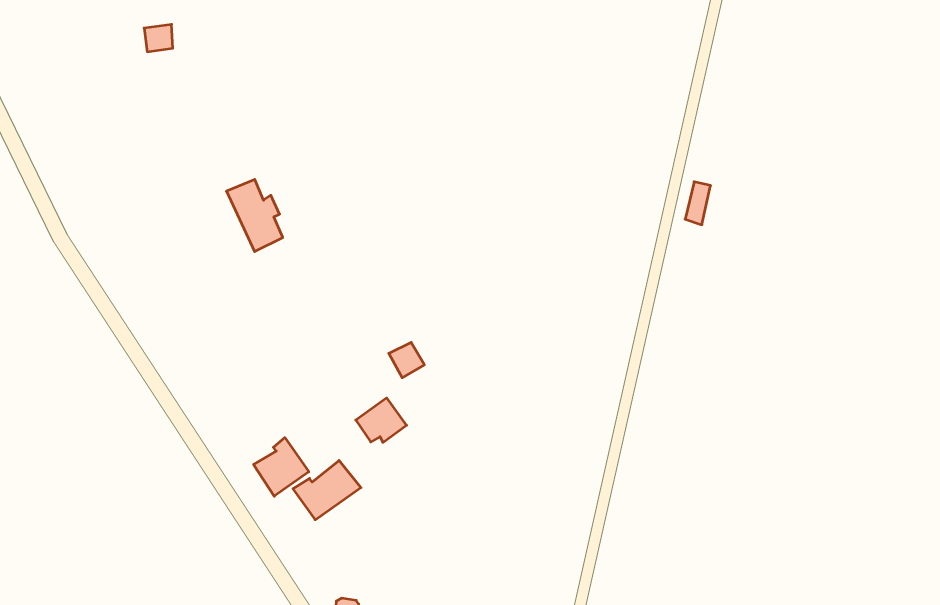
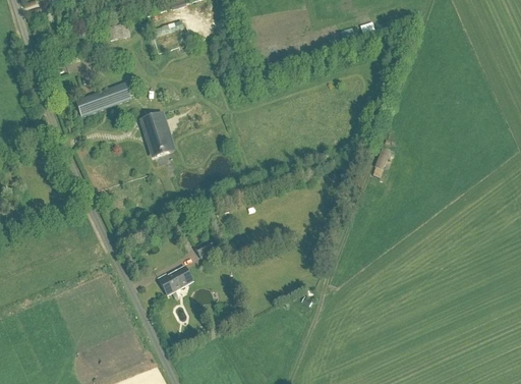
building: none -> [75,83,130,116]
building: [254,438,309,496] -> none

